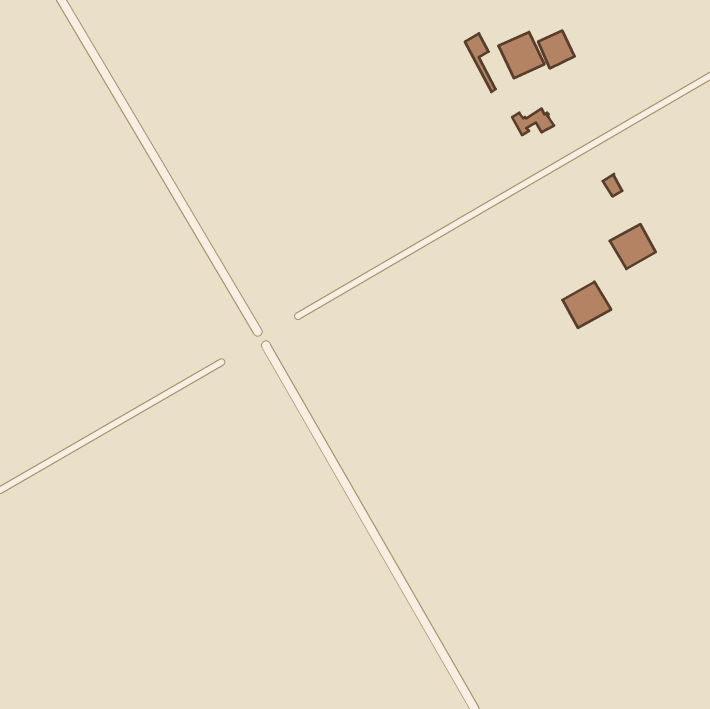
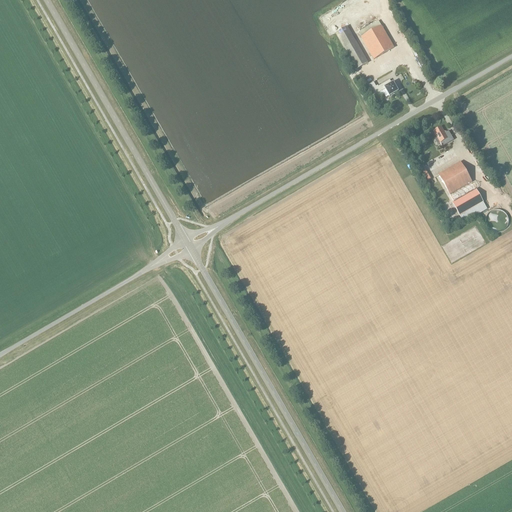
building: [538,31,575,68] -> none
building: [562,282,611,328] -> [453,188,488,221]

